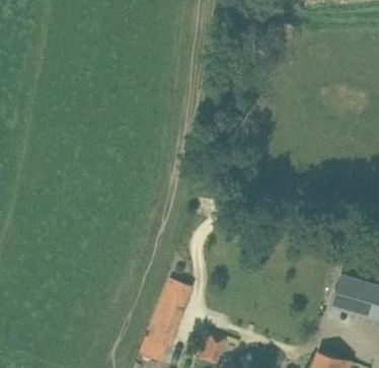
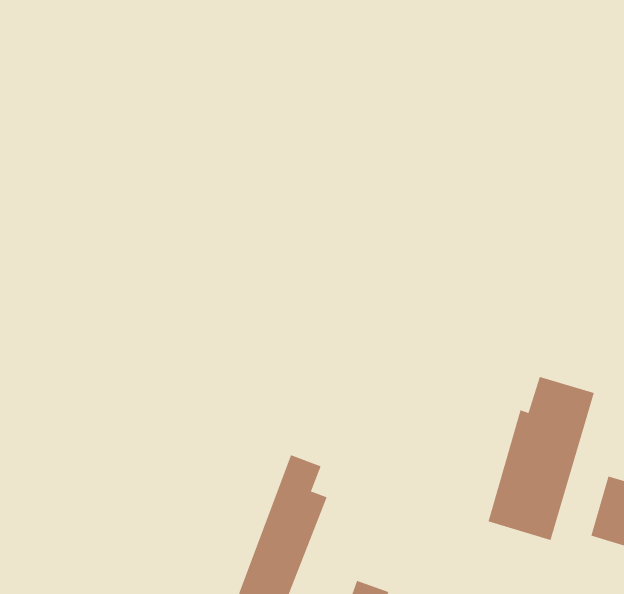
building: none -> [488,376,595,541]

